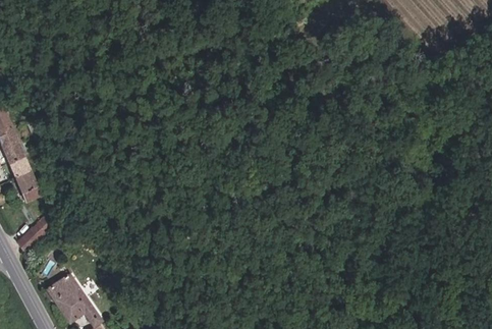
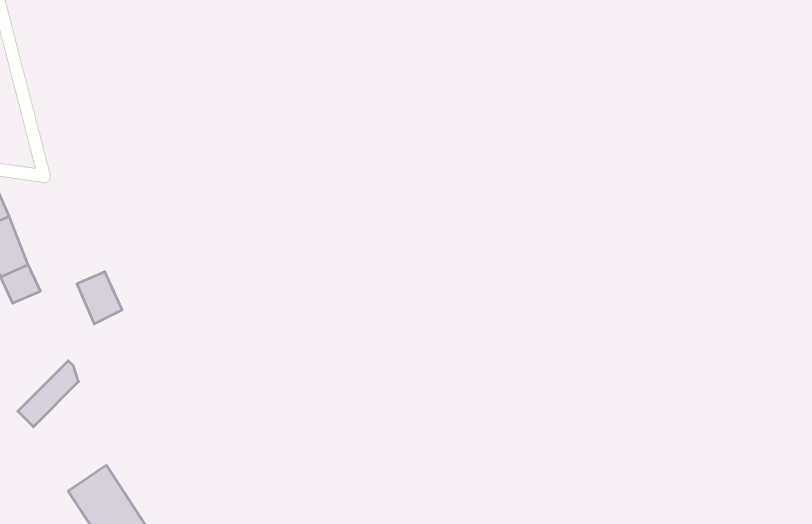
building: [15,171,42,202] -> [77,272,122,324]

